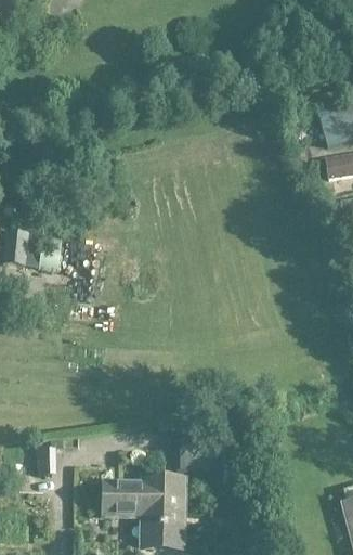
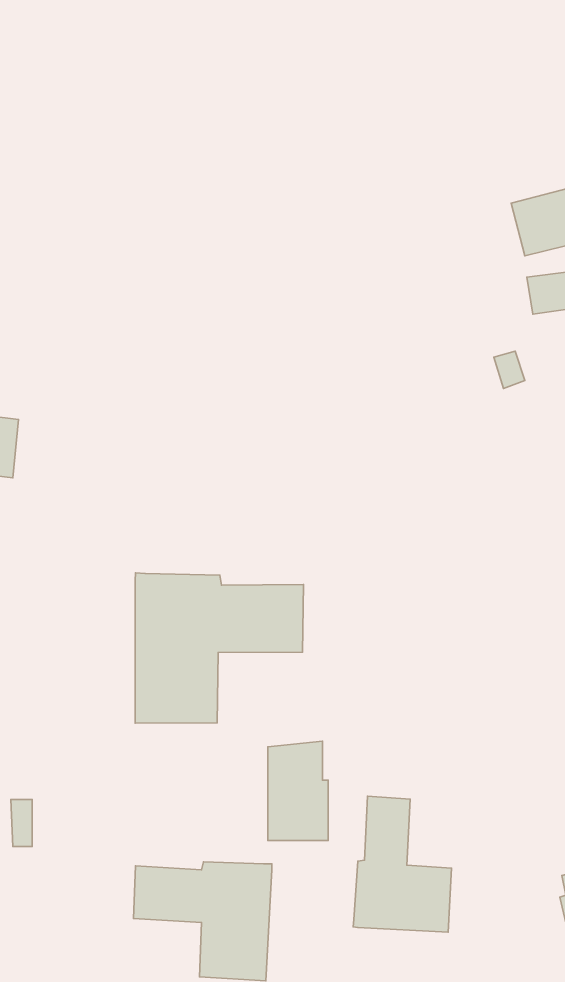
building: none -> [135,573,304,723]
building: none -> [353,796,451,932]

